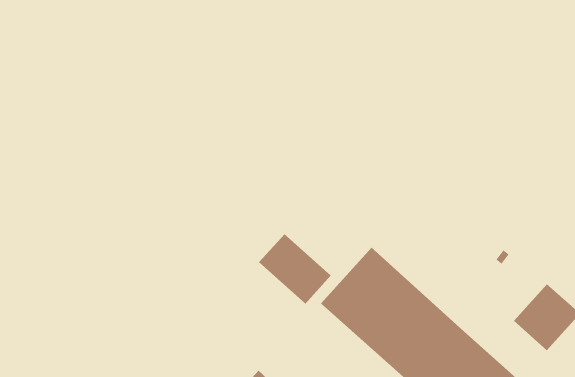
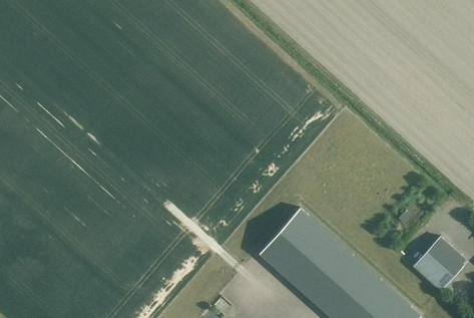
building: [258,233,332,304] -> none

